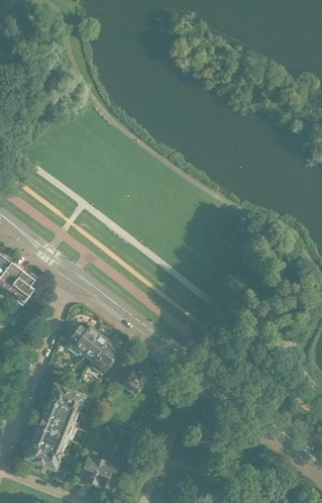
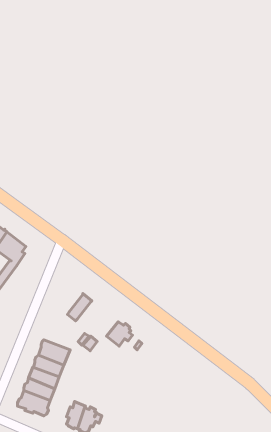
building: [69,326,97,355] -> none
building: [91,341,117,375] -> none

